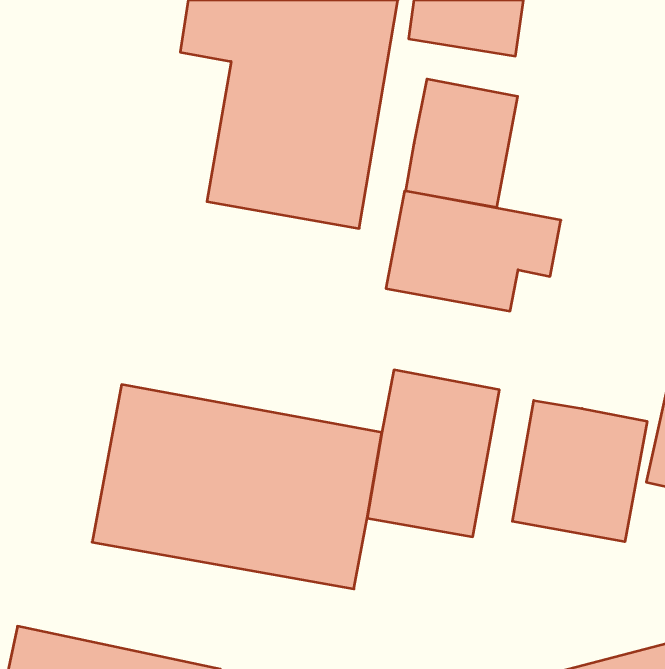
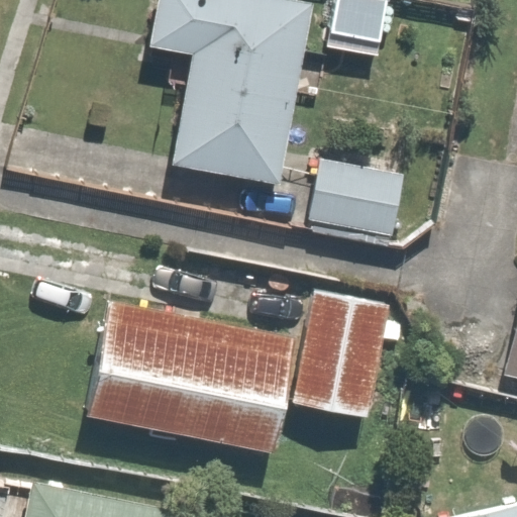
building: [406,79,518,208] -> none
building: [512,400,647,542] -> none

